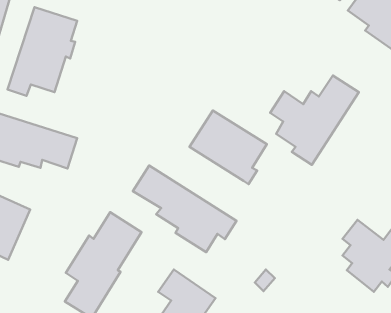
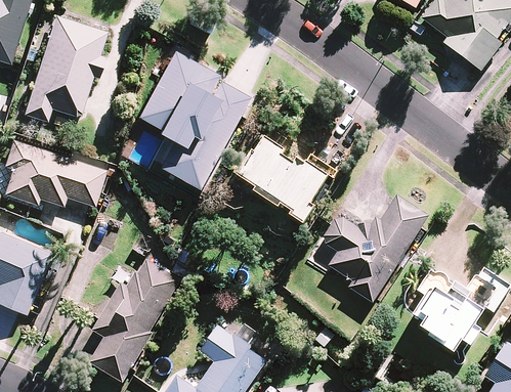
building: none -> [137,50,252,190]
building: [270,76,359,165] -> [323,197,427,302]
building: [133,166,236,252] -> none

